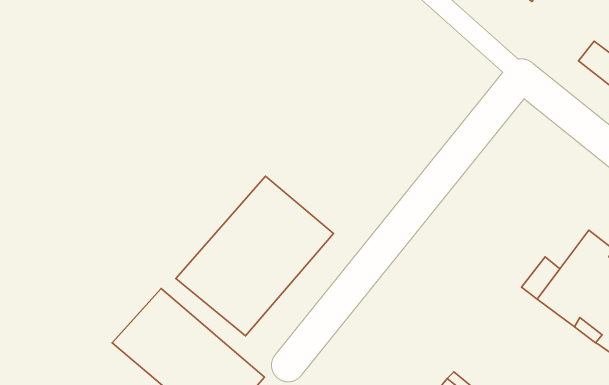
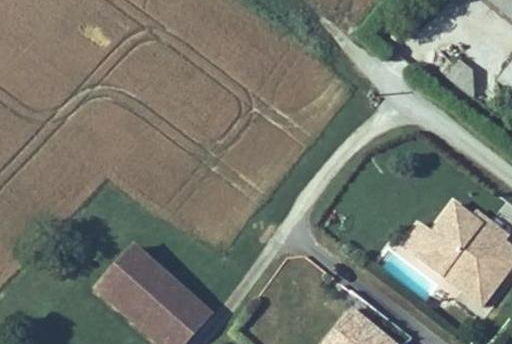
building: [176,176,333,336] -> none

